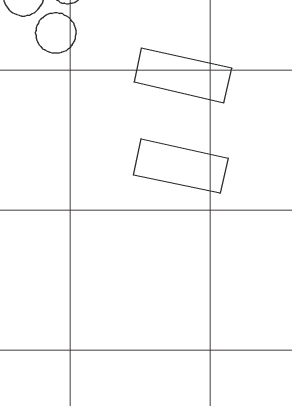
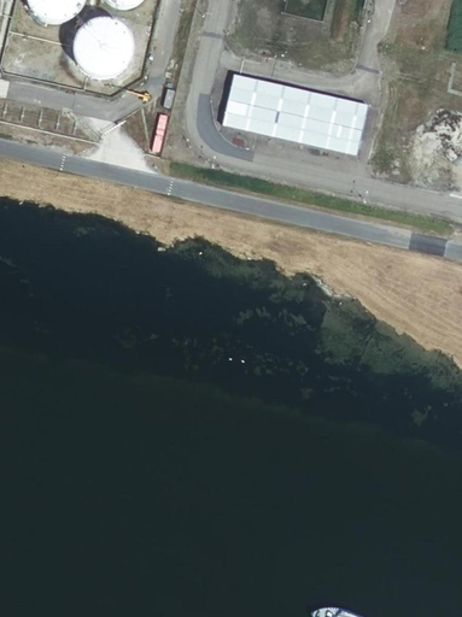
building: [133,139,228,193] -> none

